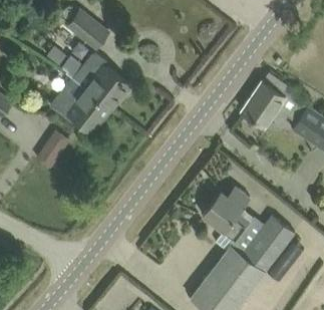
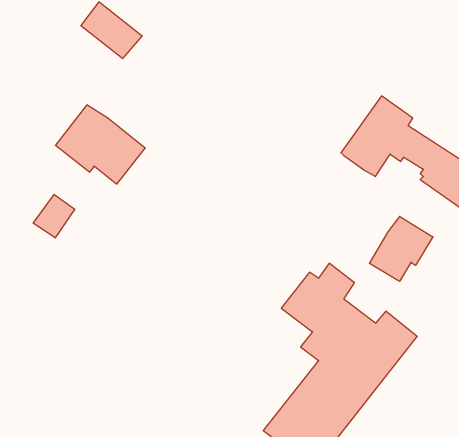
building: [62,53,128,109] -> none
building: none -> [369,216,433,281]

